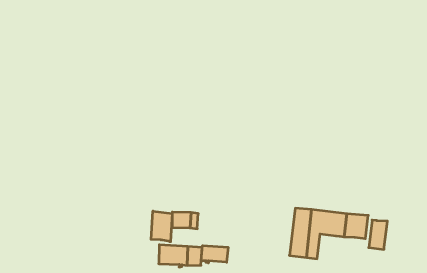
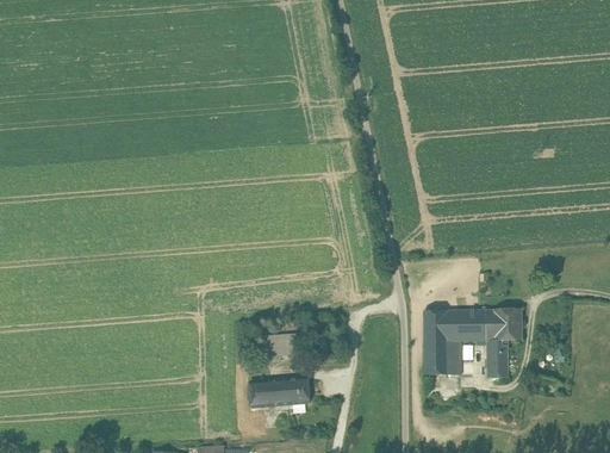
building: [151,211,172,242] -> none
building: [369,220,387,249] -> [487,339,508,377]
building: [201,246,228,263] -> none

